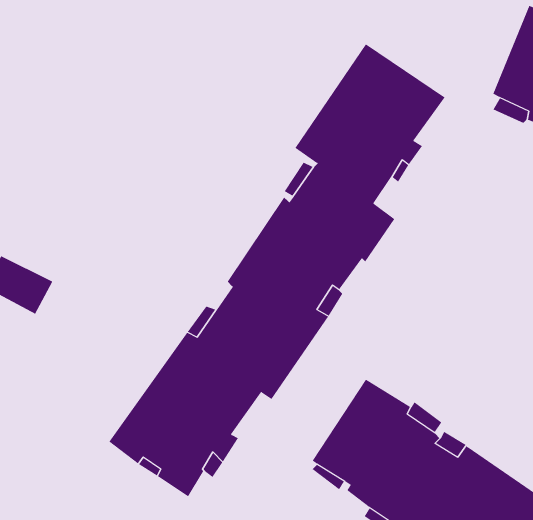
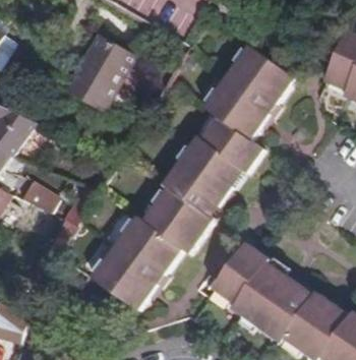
building: none -> [62,33,135,112]

